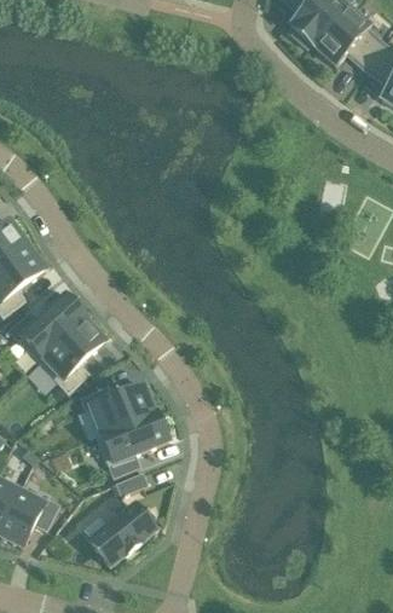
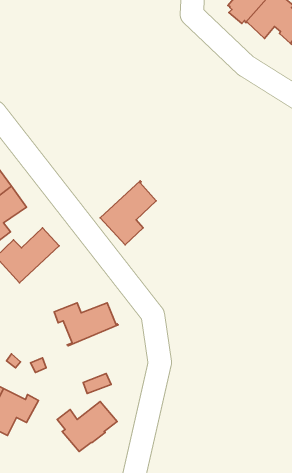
building: [37,316,105,393] -> [100,181,156,245]
building: [97,411,168,476] -> none

